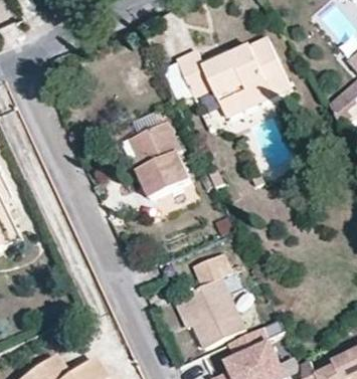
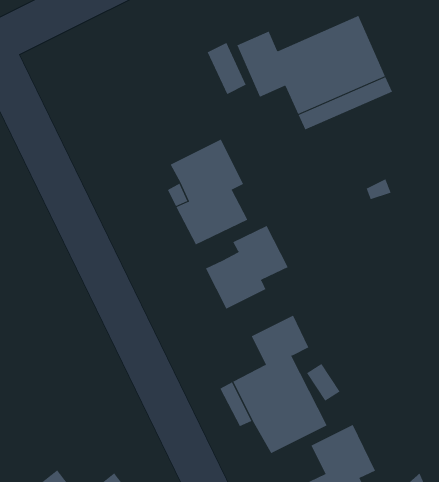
building: none -> [205,225,289,310]

